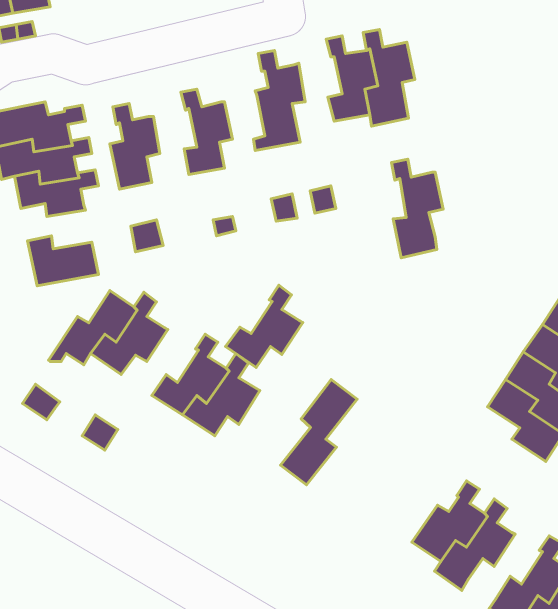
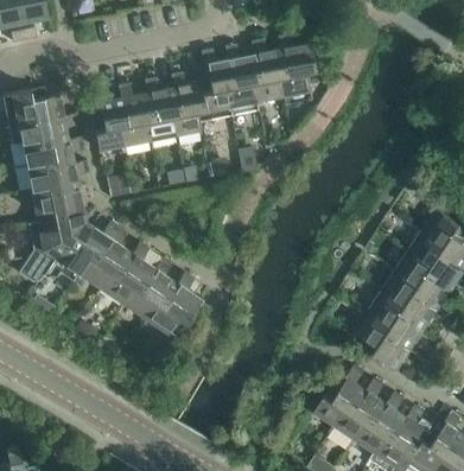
building: none -> [171,72,205,135]
building: none -> [117,83,155,146]
building: [392,159,443,258] -> [224,44,262,116]
building: none -> [26,160,88,195]
building: none -> [19,214,91,281]
building: [225,285,303,367] -> [100,242,157,303]
building: [280,379,357,485] -> none
building: none -> [355,311,412,371]
building: none -> [355,392,409,452]

